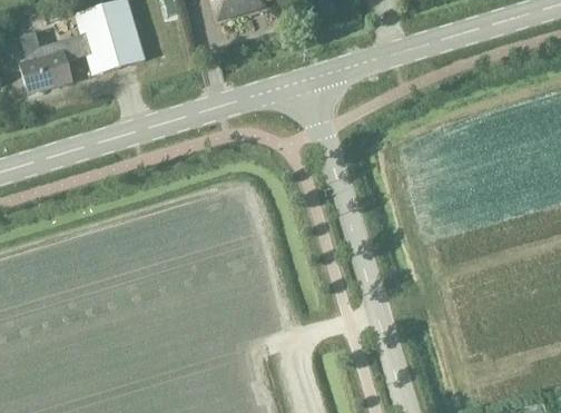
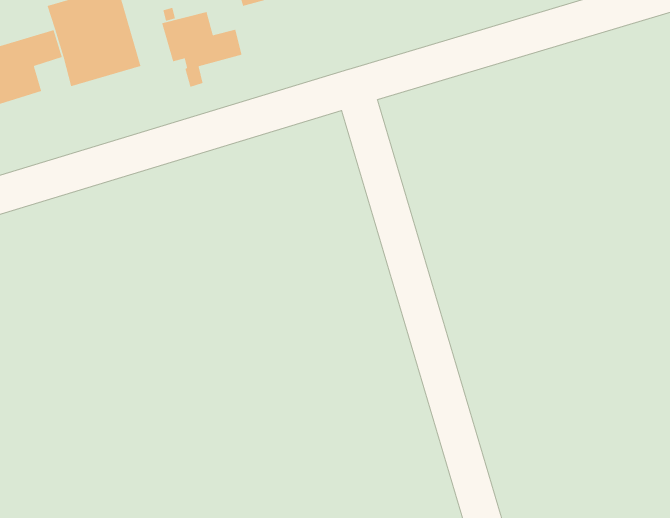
building: none -> [161,11,243,88]

